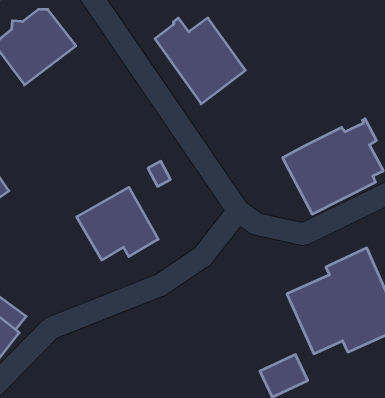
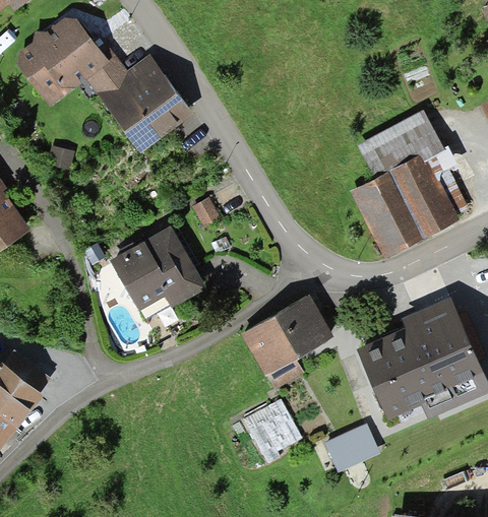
building: [155,18,245,104] -> [85,53,191,153]
building: none -> [356,110,444,178]
building: none -> [240,295,333,388]
building: none -> [243,396,301,461]

